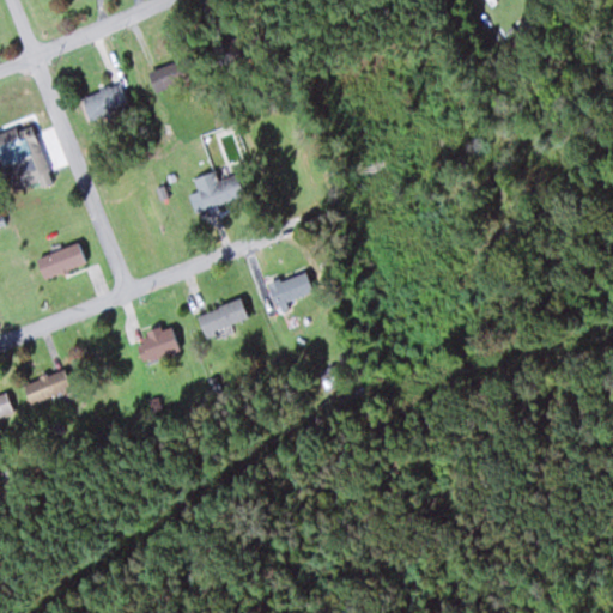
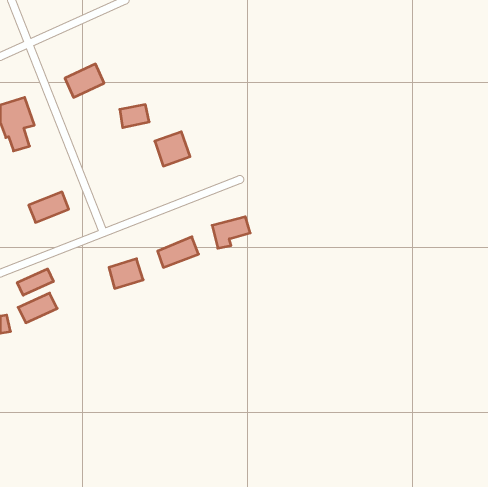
building: [148,61,186,90] -> [120,105,149,128]
building: none -> [17,269,53,295]

